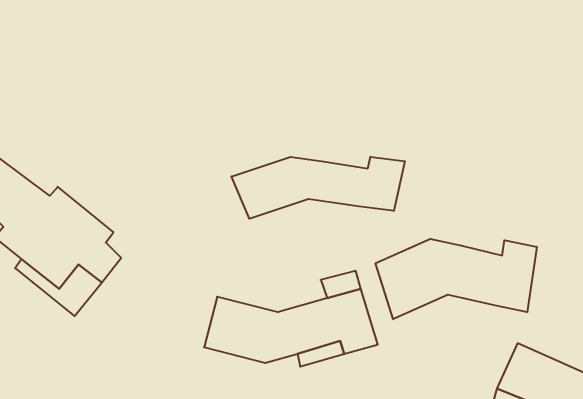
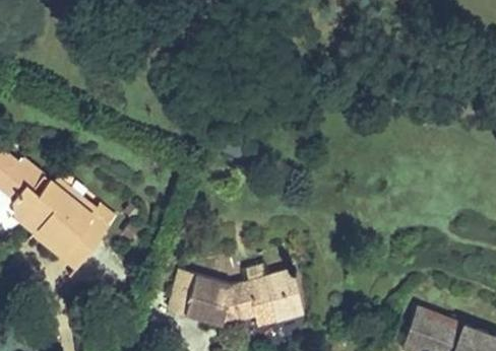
building: [231,157,405,219] -> none
building: [376,239,537,319] -> none

